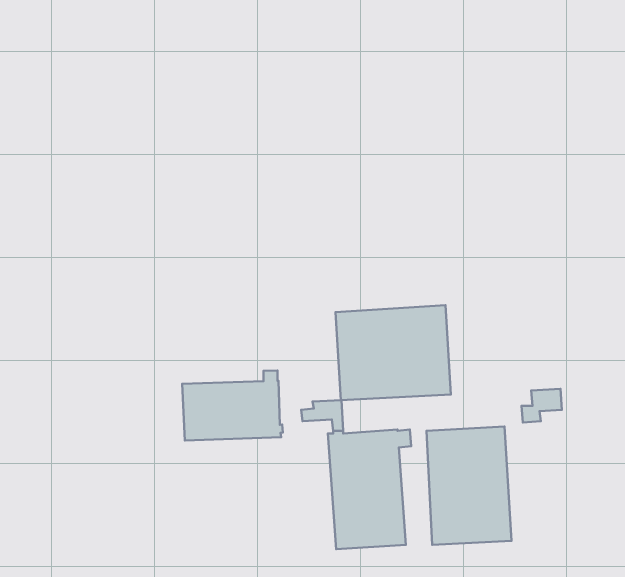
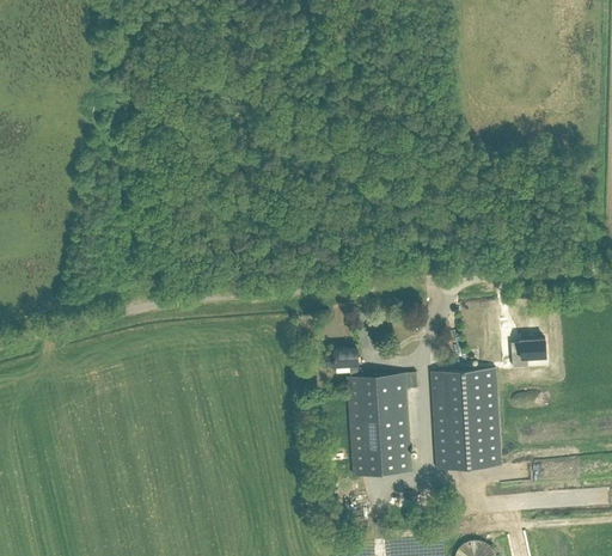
building: [336,305,451,400] -> none
building: [182,371,283,440] -> none

